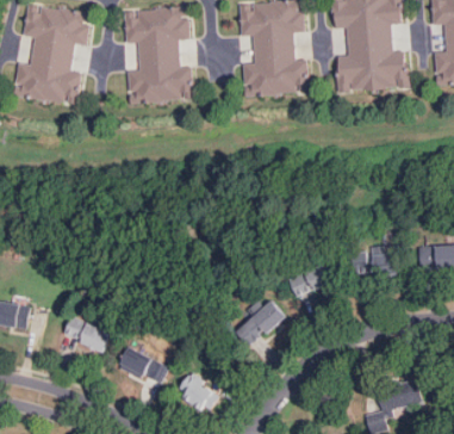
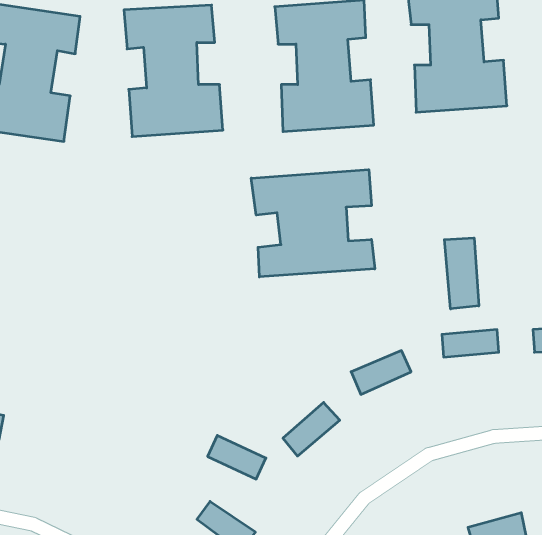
building: none -> [251,170,375,277]
building: none -> [444,238,479,309]
building: [64,316,108,348] -> none
building: [122,345,164,377] -> [208,435,266,479]

